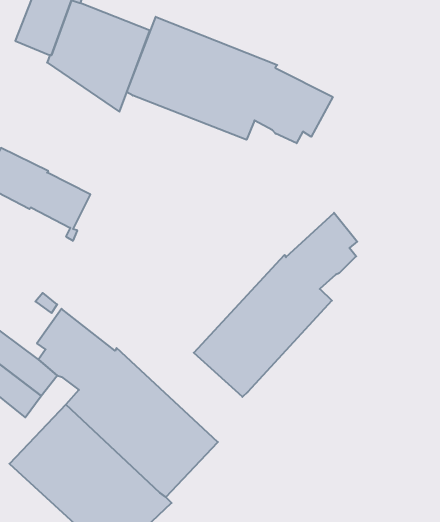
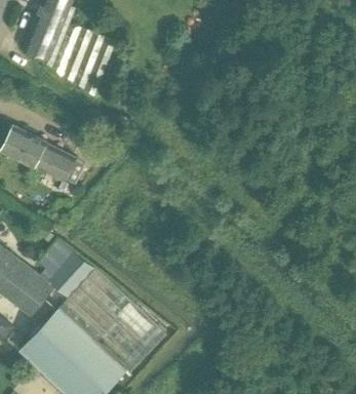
building: [127,17,333,143] -> none
building: [194,213,357,397] -> none

